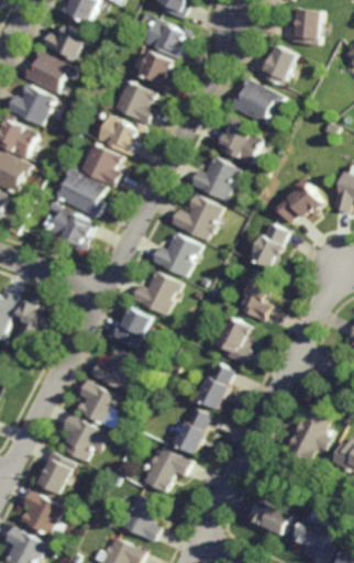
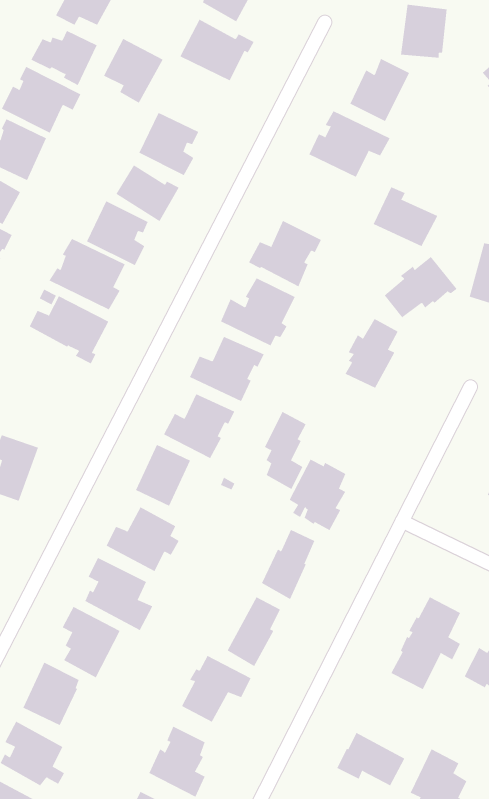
building: [135,51,176,95] -> [103,38,164,104]
building: [214,121,258,162] -> [373,186,438,247]
building: [244,267,273,320] -> [264,411,307,490]

